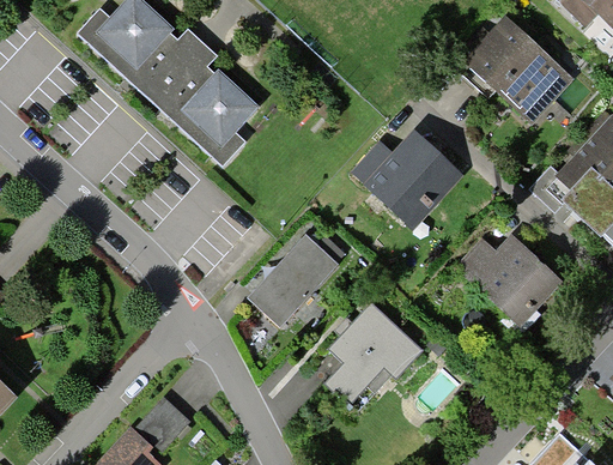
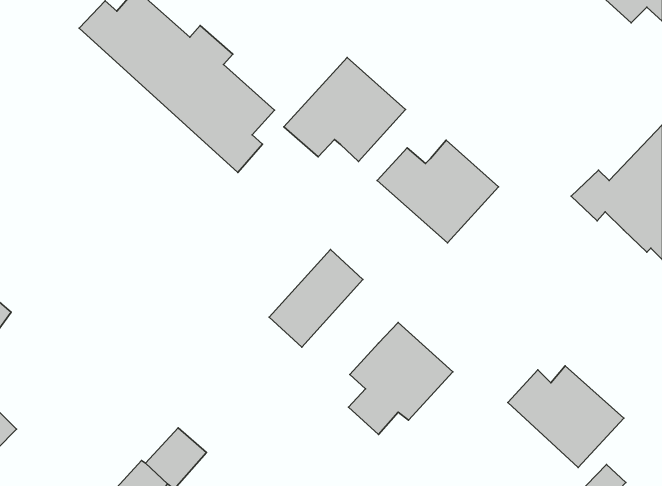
building: [463,18,571,122] -> none
building: none -> [284,57,405,161]
building: [459,237,565,331] -> [508,366,624,467]

